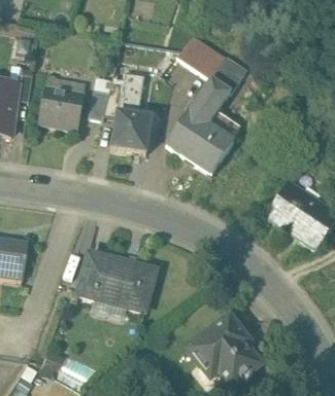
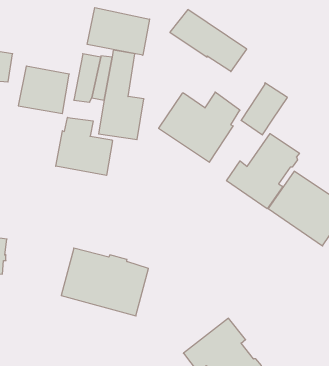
building: none -> [87,8,150,55]
building: [188,76,230,123] -> [241,83,287,135]
building: none -> [56,117,112,175]
building: none -> [227,134,299,209]

